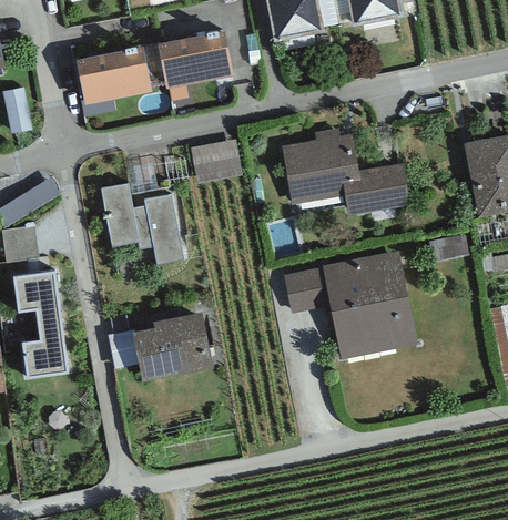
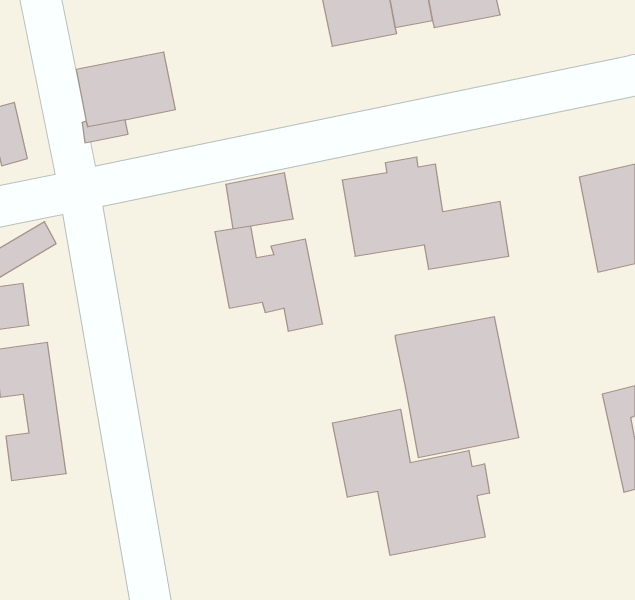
building: [156,30,232,88] -> none
building: [100,183,183,264] -> [215,226,323,331]
building: [283,267,329,313] -> none
building: [132,312,213,381] -> none
building: none -> [332,409,489,555]

